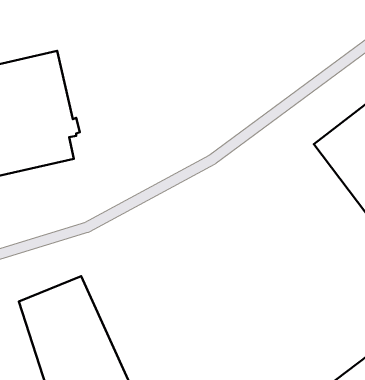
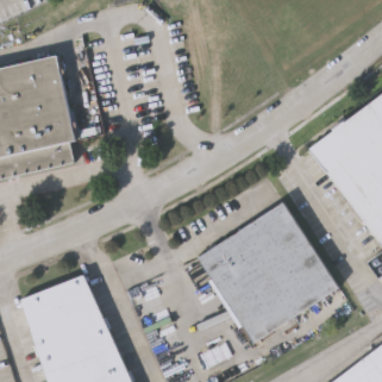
building: none -> [198,203,336,343]

